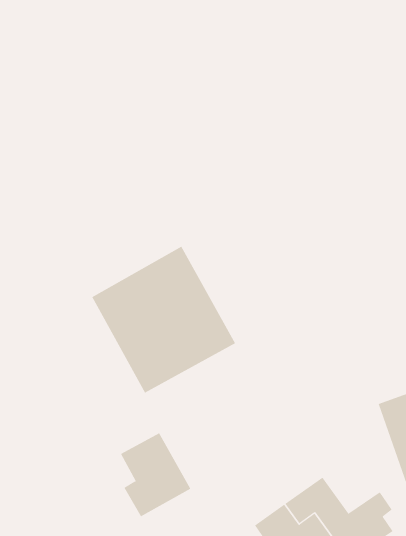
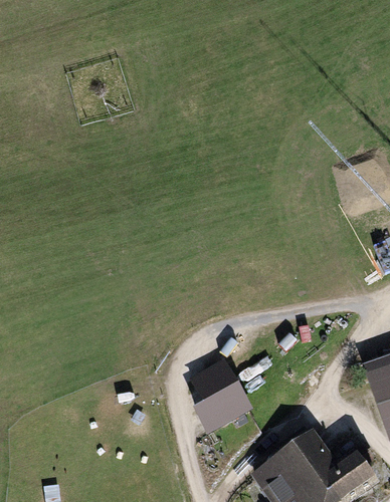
building: [92,246,236,394] -> none
building: [120,433,191,517] -> [189,357,252,433]

